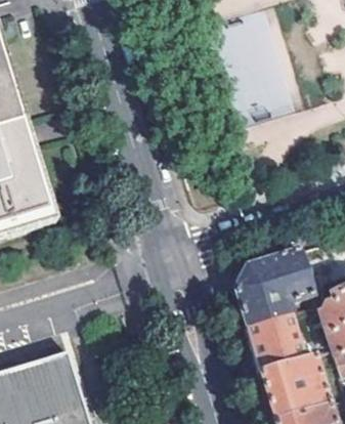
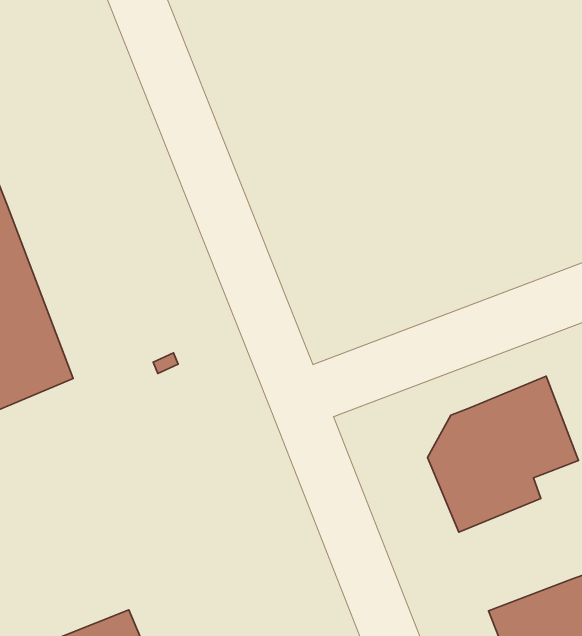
building: [249,311,307,369] -> none

